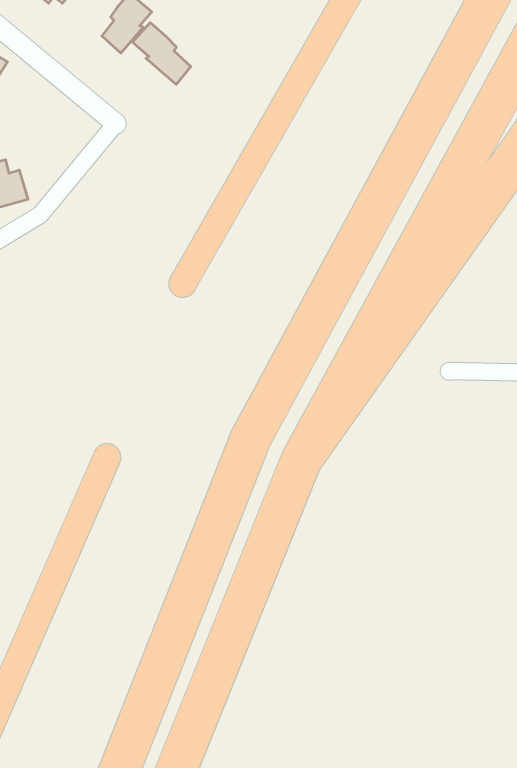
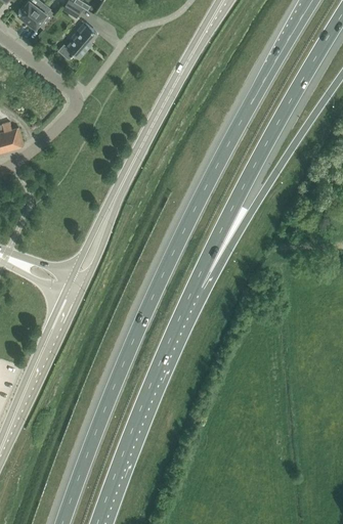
building: [133,23,191,84] -> none

